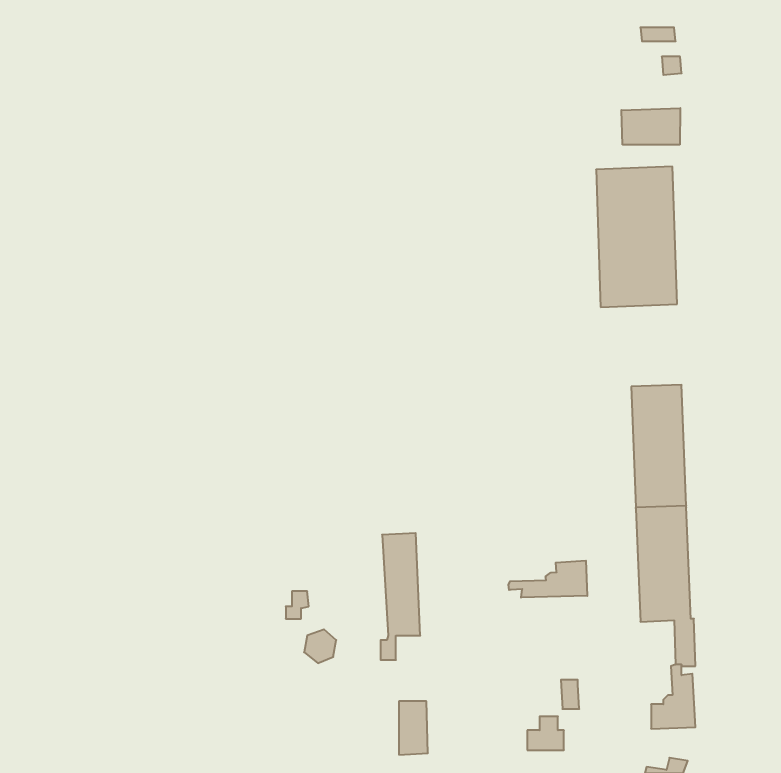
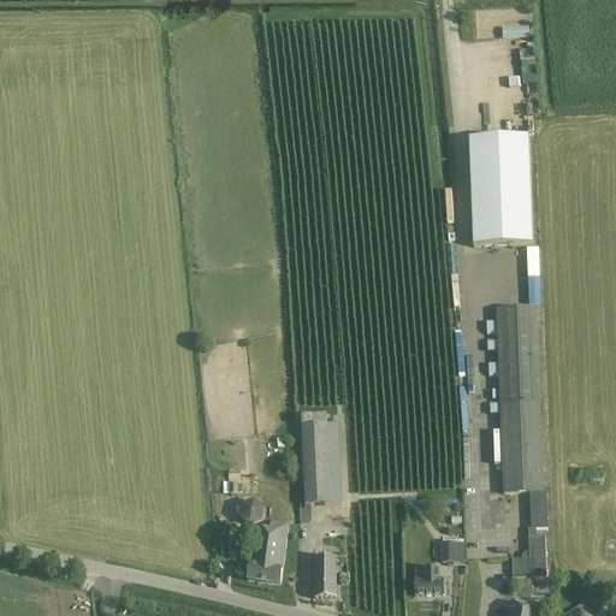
building: [621,108,680,145] -> none
building: [509,561,587,598] -> none
building: none -> [248,517,289,580]

